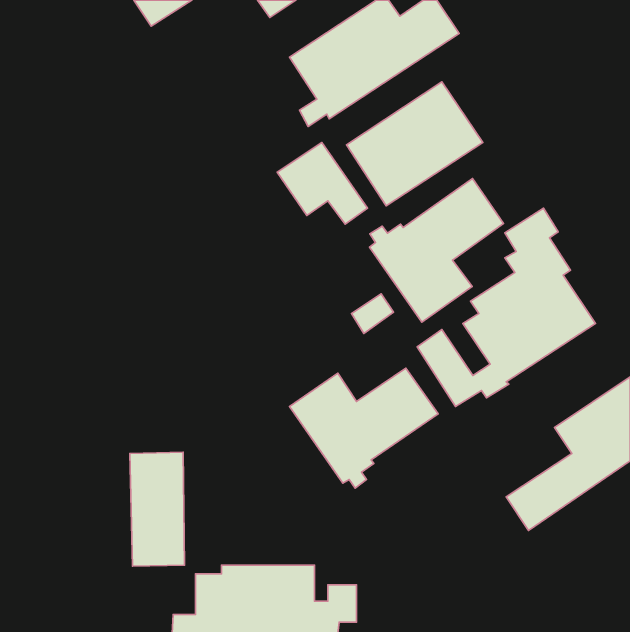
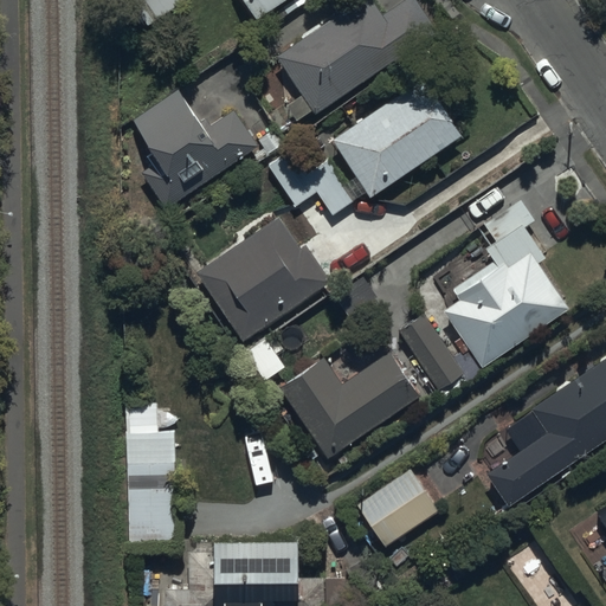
building: none -> [131,90,258,211]
building: [370,179,503,322] -> none
building: none -> [195,217,330,342]
building: none -> [355,468,438,547]

